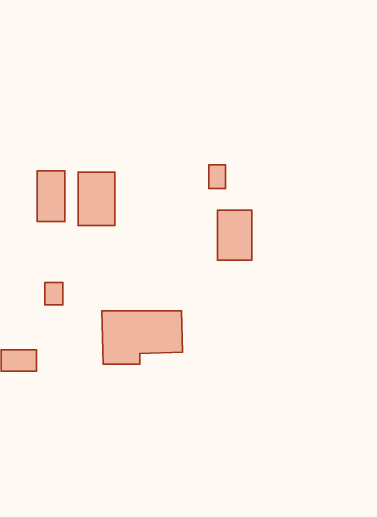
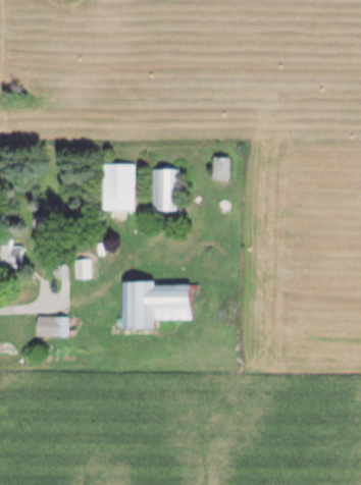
building: [37,171,65,222] -> none
building: [217,210,252,260] -> [151,168,181,211]

